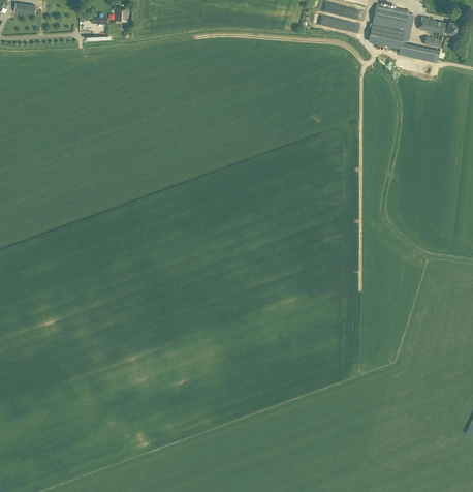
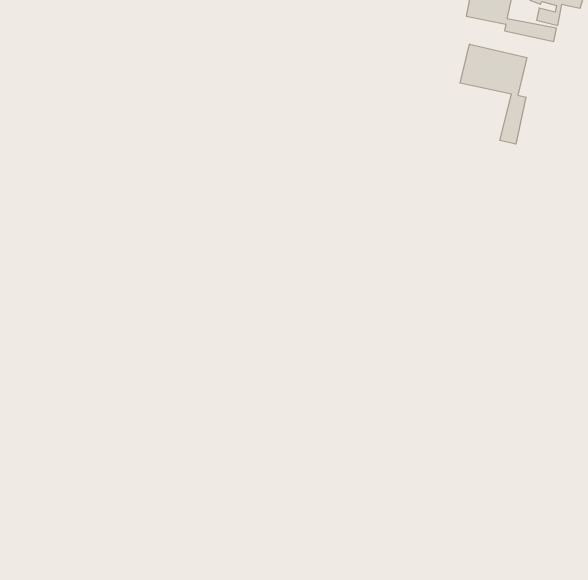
building: none -> [460,44,527,144]

